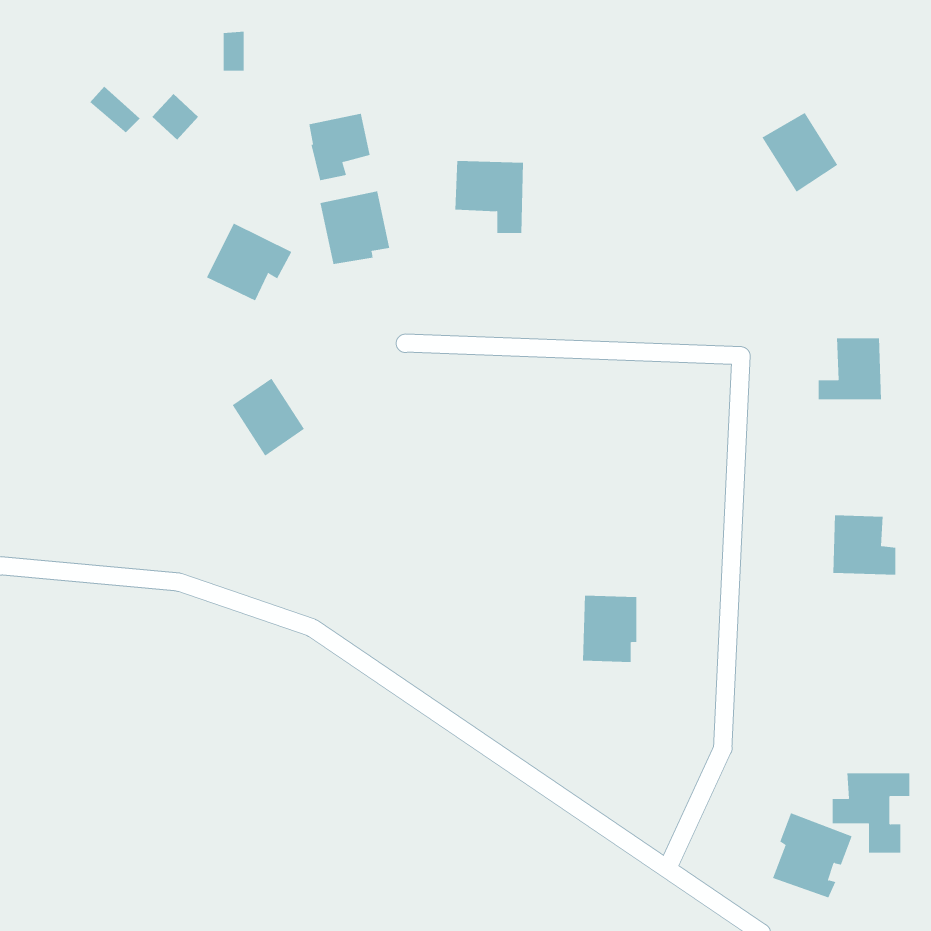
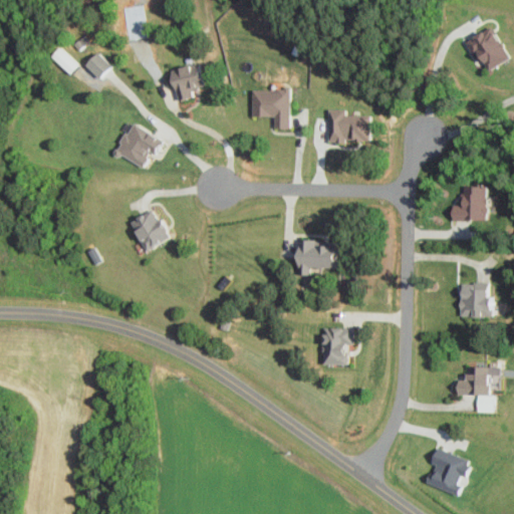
building: [761,112,838,192] -> [467,28,509,72]
building: [320,191,390,265] -> none
building: none -> [328,110,369,142]
building: none -> [296,240,332,276]
building: [832,773,910,853] -> [457,367,500,412]

